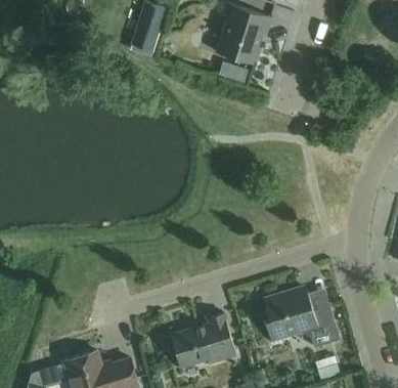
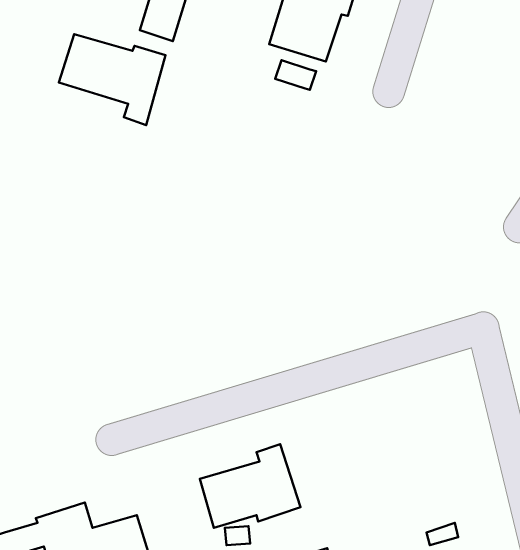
building: none -> [59,34,165,125]
building: [264,289,341,348] -> none

